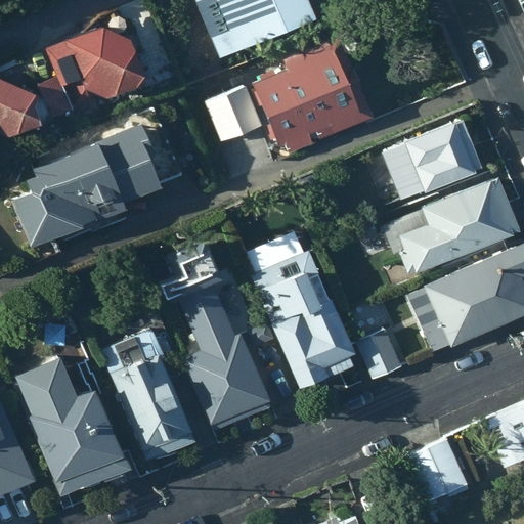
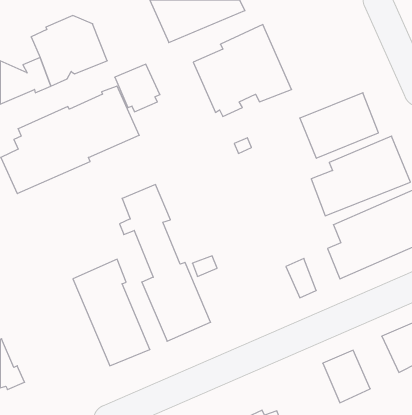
building: [207,88,263,147] -> [115,64,160,112]
building: [250,238,353,387] -> none
building: [15,356,124,494] -> none

